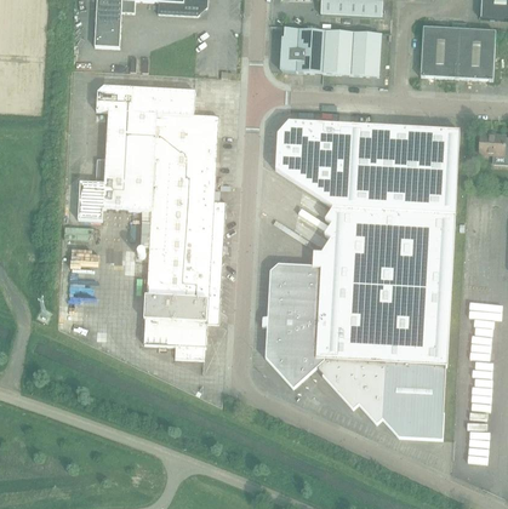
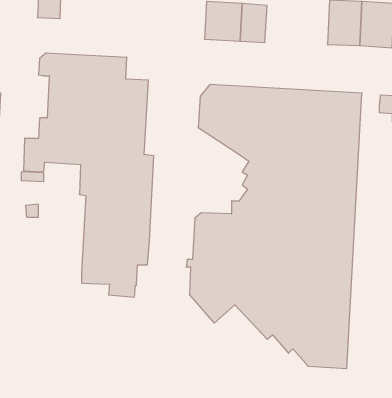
building: [349,32,381,75] -> none

